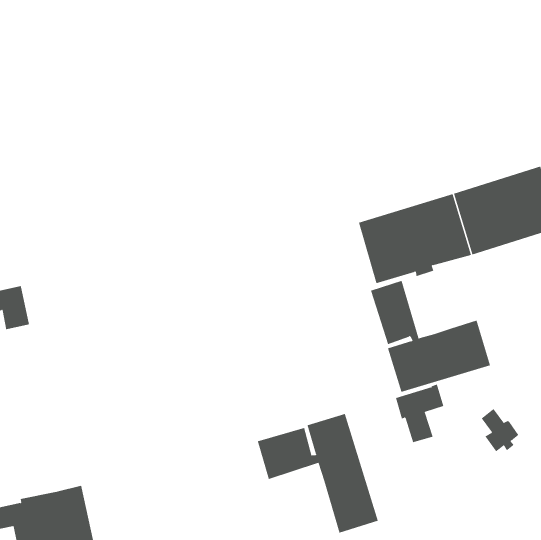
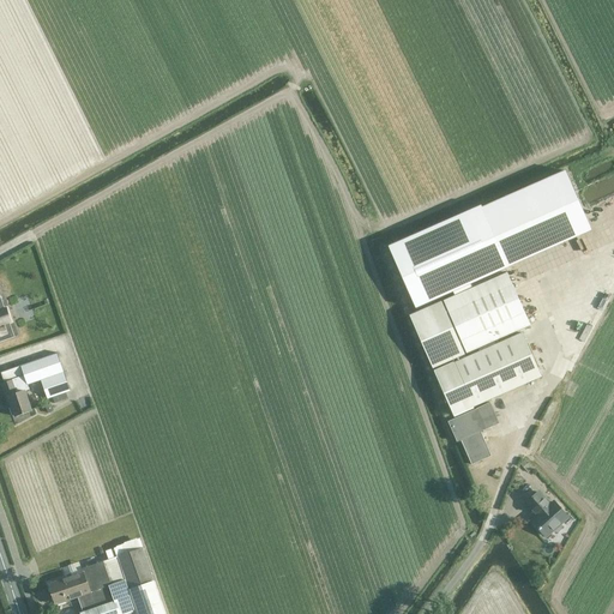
building: none -> [444,271,529,351]
building: [481,408,519,452] -> [525,490,566,535]
building: [257,413,378,533] -> none

